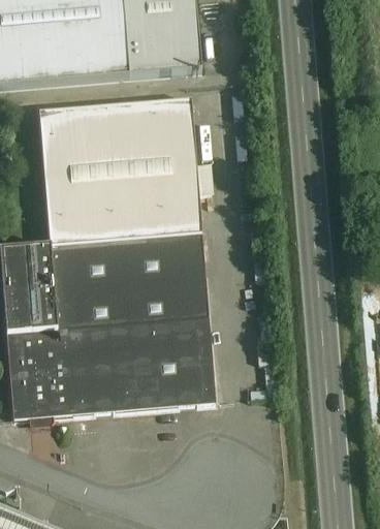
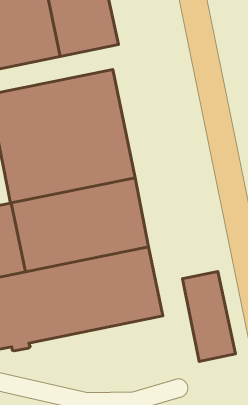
building: none -> [182,272,235,361]

